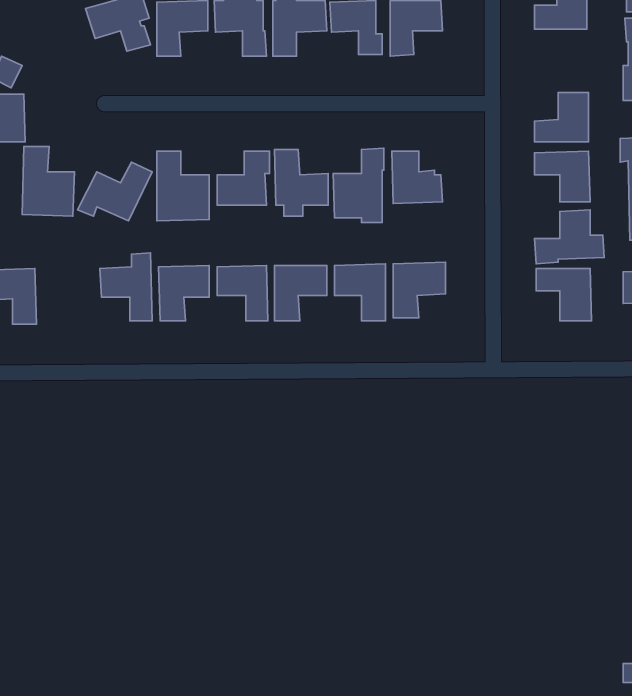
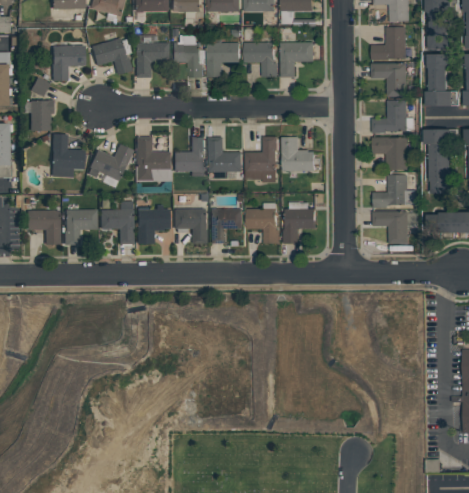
building: none -> [50,47,83,81]
building: none -> [371,63,406,97]
building: none -> [63,210,96,245]

